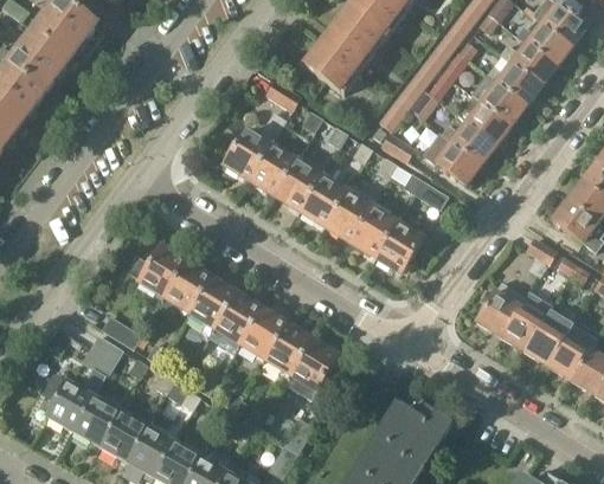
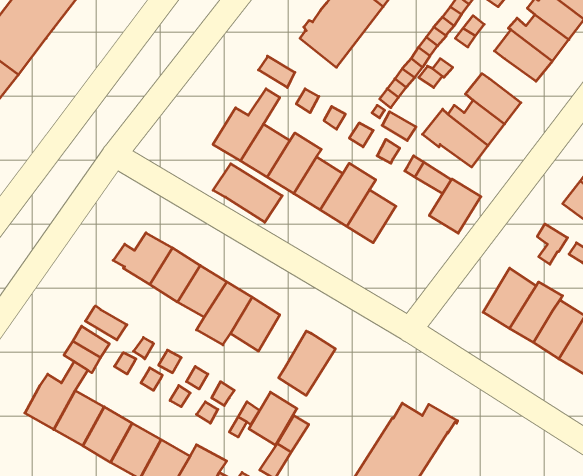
building: [482,83,526,124] -> none
building: none -> [213,164,282,222]
building: [373,221,422,272] -> [429,179,481,233]
building: [265,323,310,373] -> [249,392,297,445]

